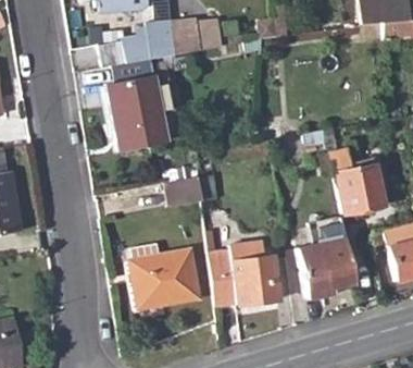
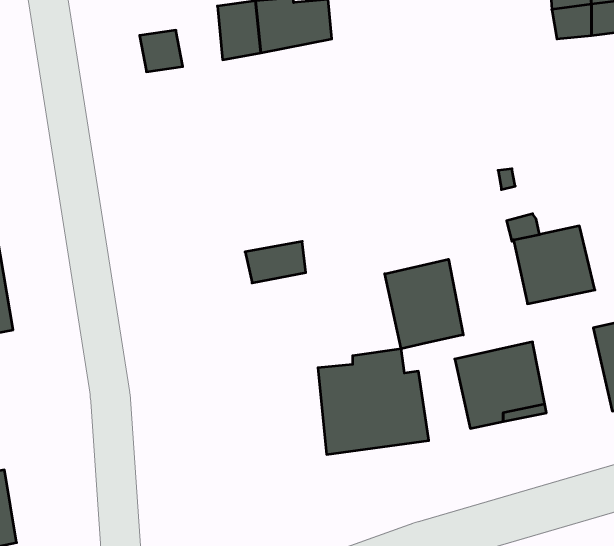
building: [108,76,166,150] -> none
building: none -> [385,259,463,349]
building: [134,240,201,304] -> none

